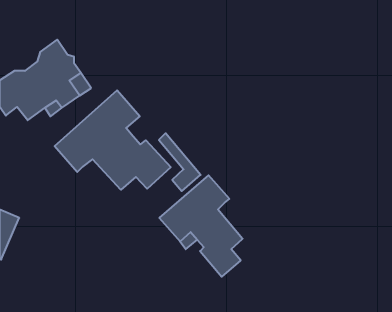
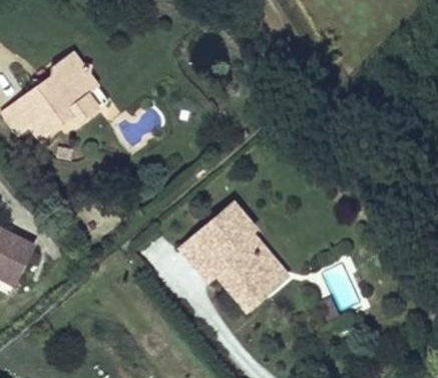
building: [55,90,171,190] -> none
building: [159,133,201,191] -> [239,229,283,290]

